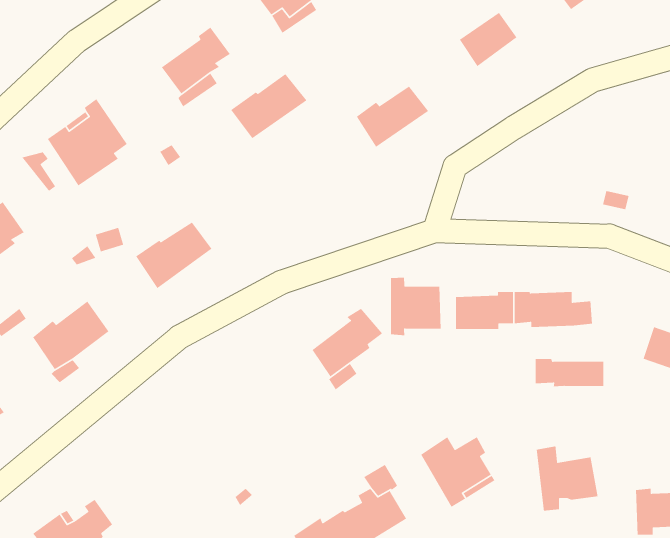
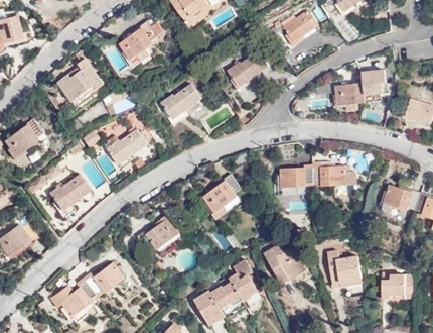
building: [230,73,307,139] -> [160,83,202,119]
building: none -> [336,80,374,104]
building: [390,277,441,336] -> none
building: [535,358,604,387] -> none
building: none -> [139,217,179,250]
building: none -> [85,262,122,294]

